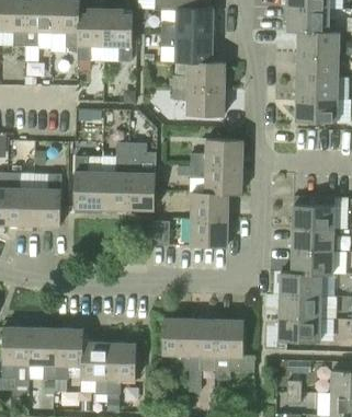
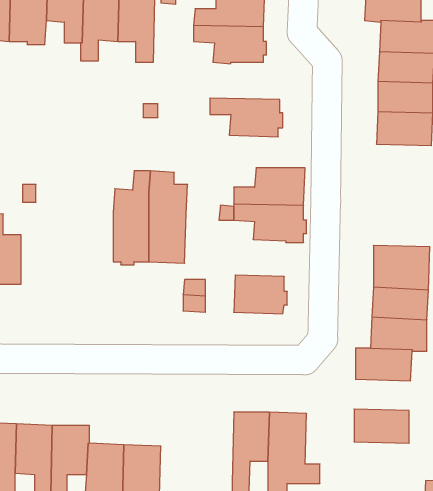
building: [172,61,225,89] -> none
building: [73,155,101,208] -> none
building: [33,173,60,228] -> none
building: [191,192,228,219] -> none
building: [279,294,320,317] -> none
building: [162,317,190,370] -> none

